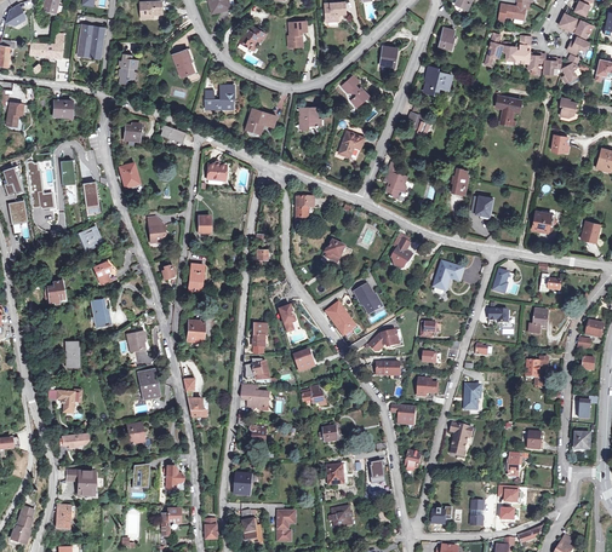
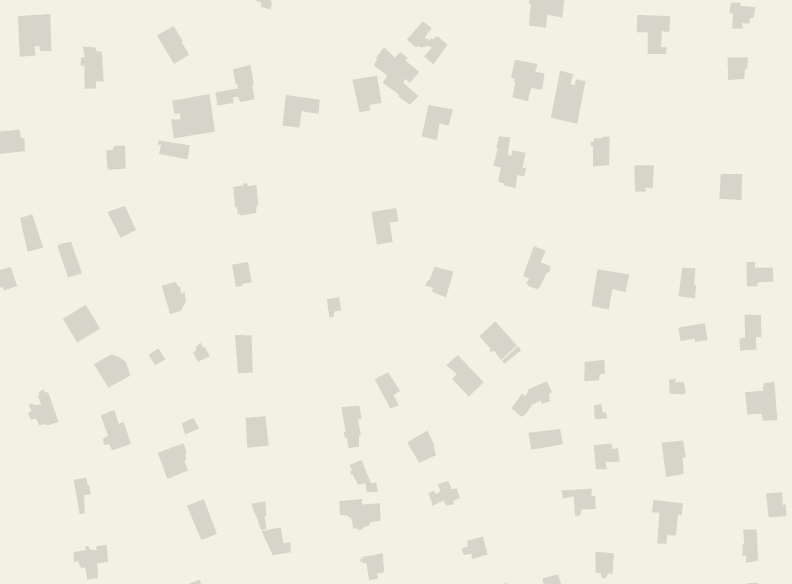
building: none -> [373,46,420,106]
building: none -> [171,93,216,139]
building: none -> [550,70,586,125]

